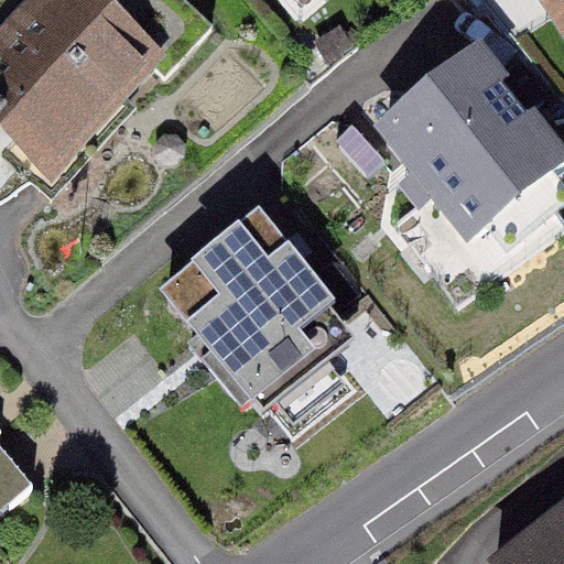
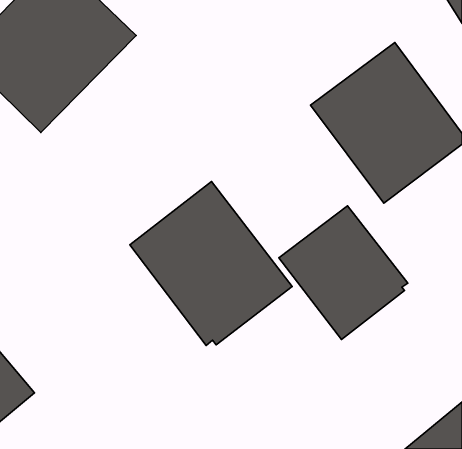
building: none -> [279,206,408,339]

